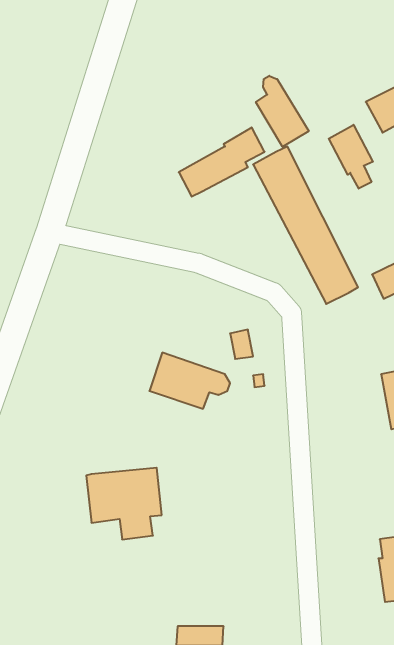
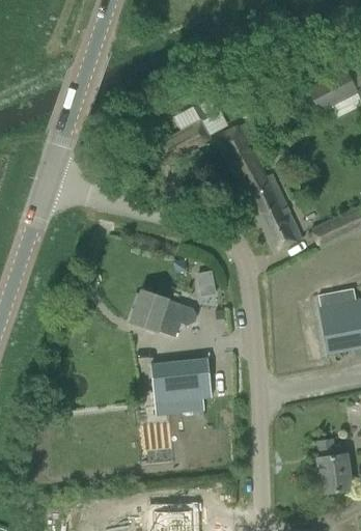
building: [256,76,309,147] -> none
building: [329,125,373,189] -> none
building: [86,468,162,539] -> [150,357,212,415]

